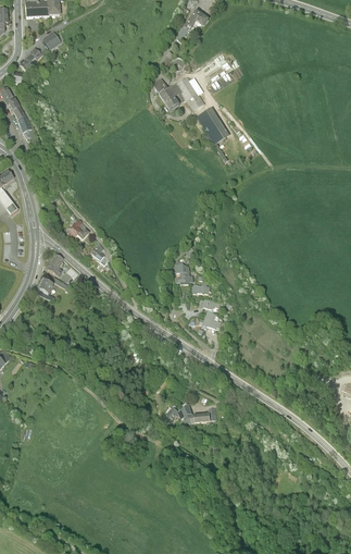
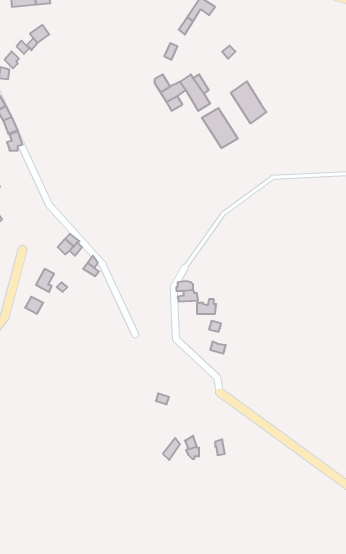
building: none -> [231,81,266,123]

